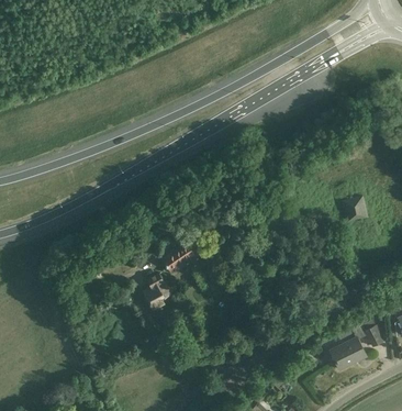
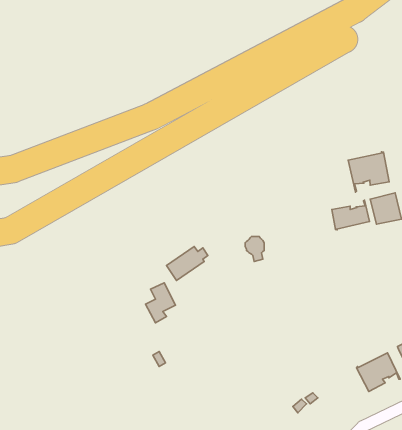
building: none -> [348,152,389,192]
building: none -> [332,200,369,230]

